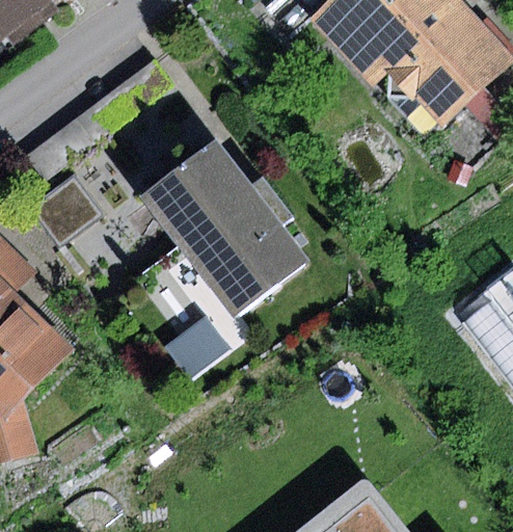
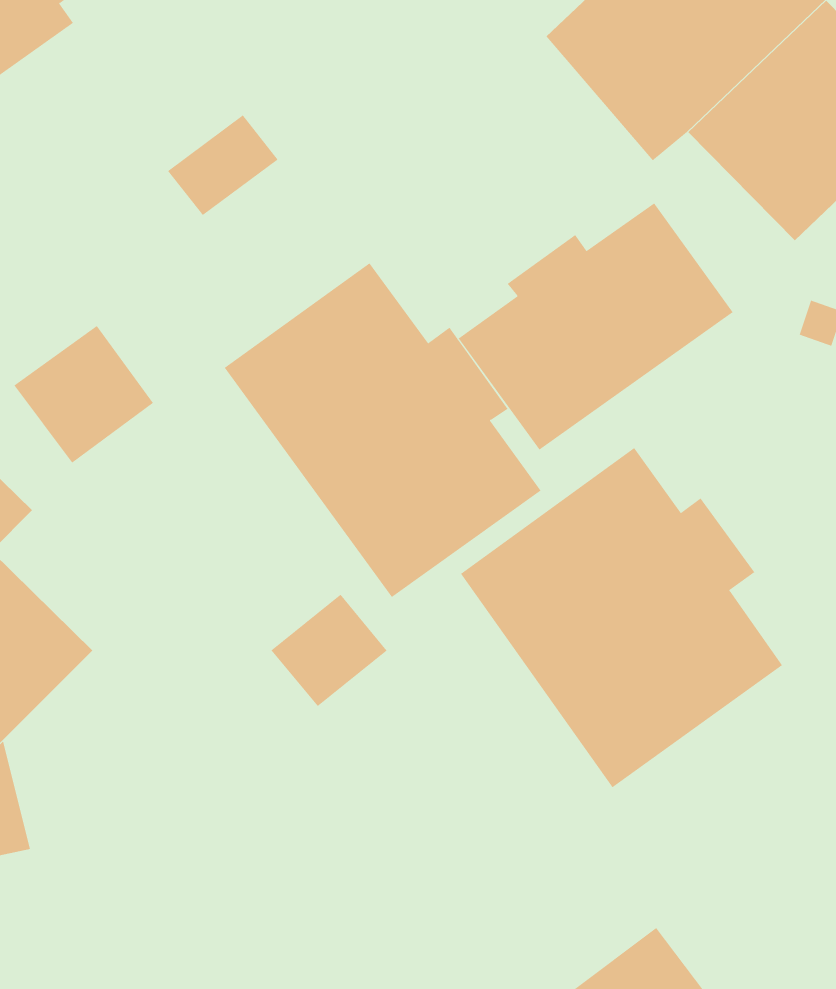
building: none -> [458,202,733,450]
building: none -> [460,447,783,788]

